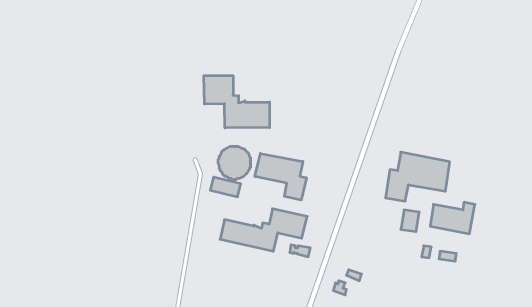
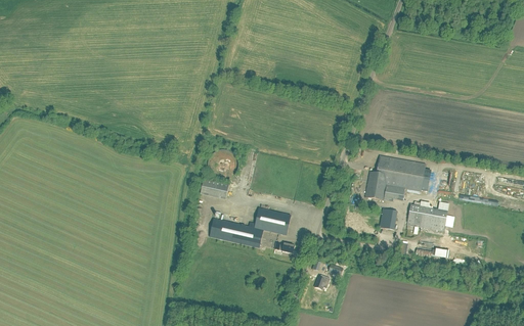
building: [204,76,270,128] -> none
building: [255,153,306,200] -> none

